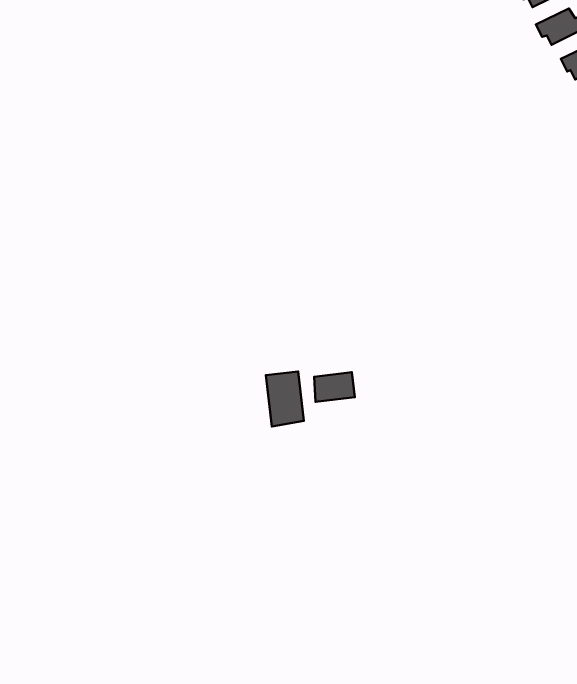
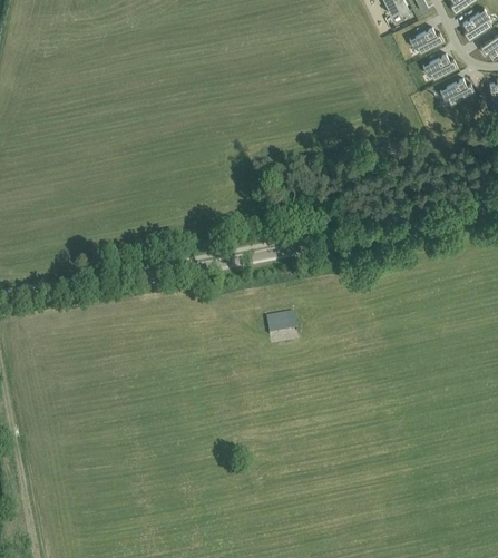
building: [266,372,304,426] -> none

